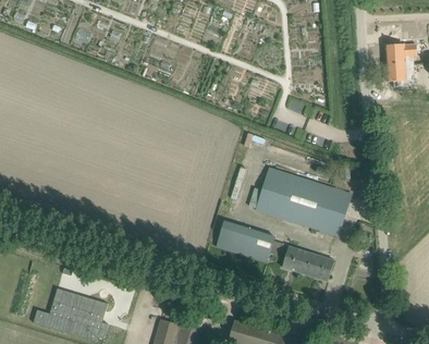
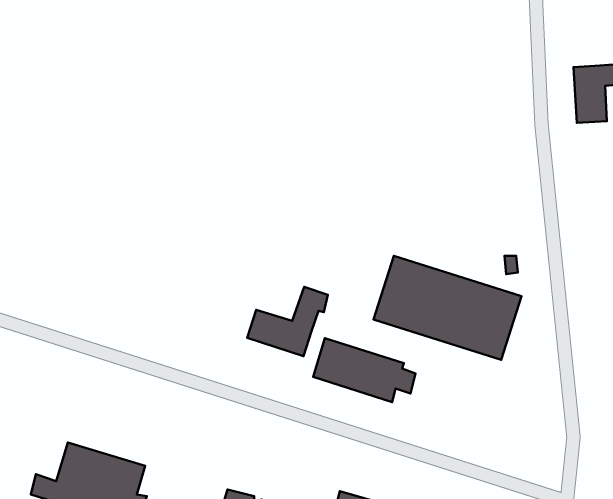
building: none -> [247,287,328,356]
building: [281,245,333,280] -> none

